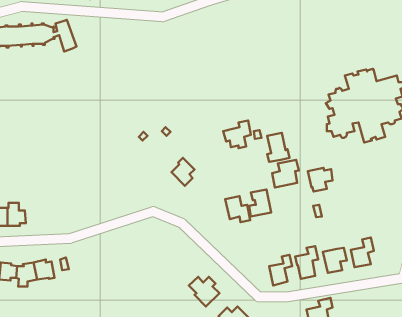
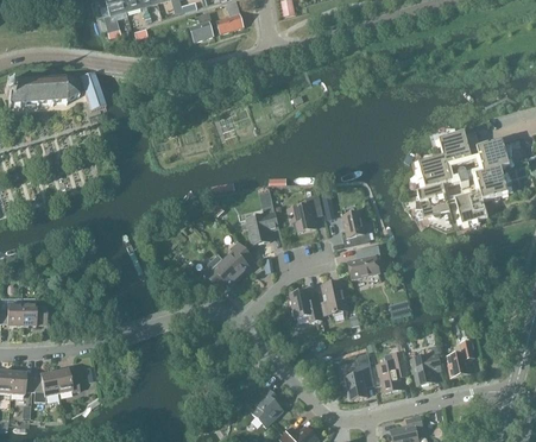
building: none -> [247,190,278,244]
building: none -> [204,253,240,288]
building: [308,168,332,192] -> none

